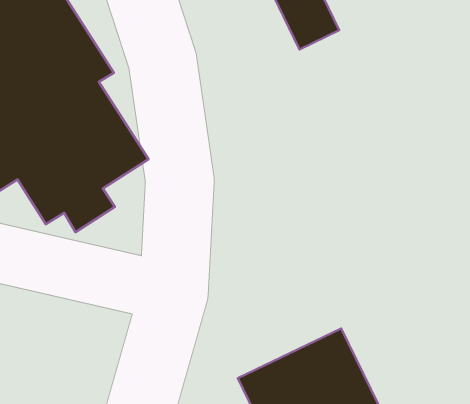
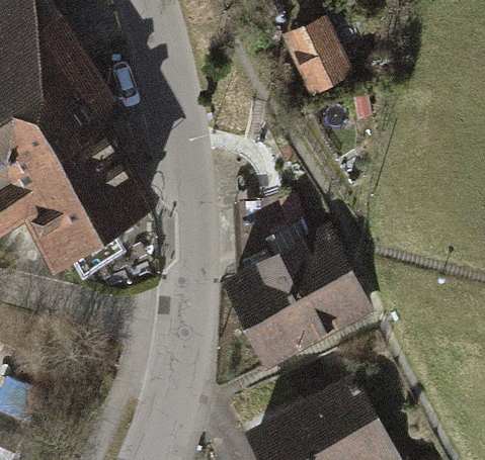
building: none -> [232,240,366,360]

